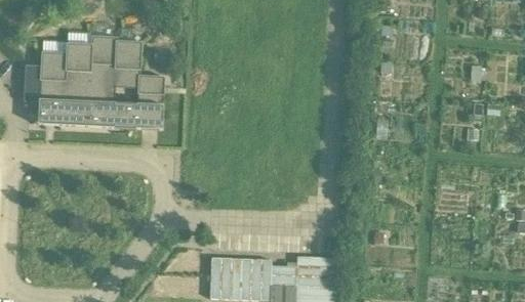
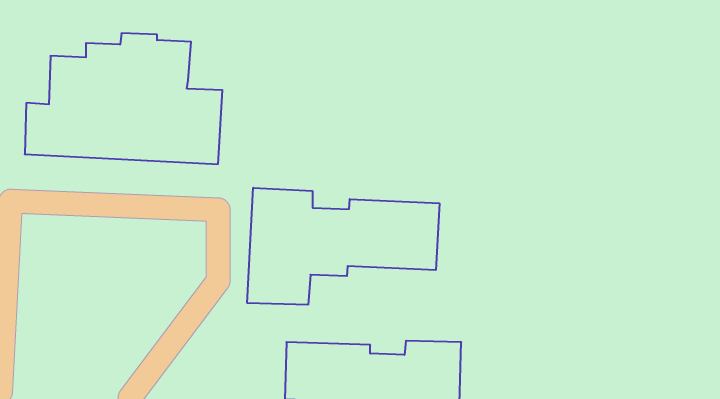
building: none -> [247,188,439,305]

